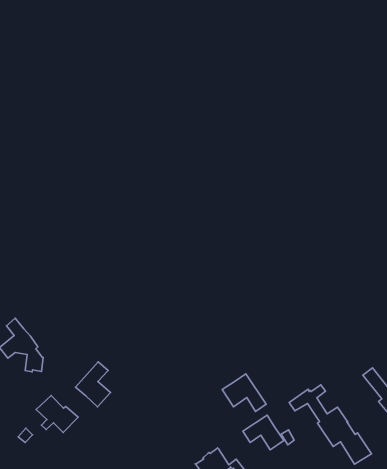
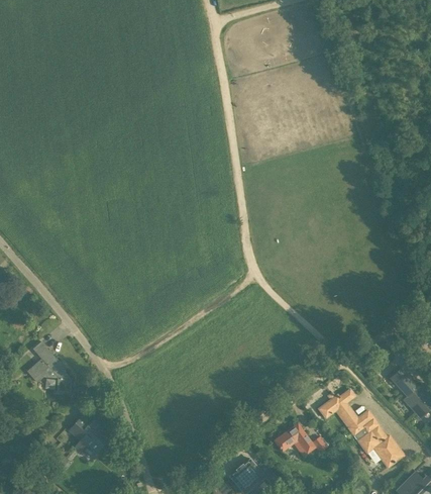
building: [76,362,111,407] -> none
building: [222,374,266,411] -> none

